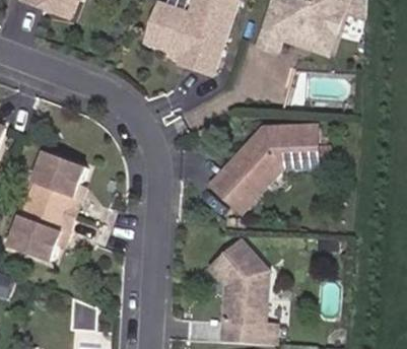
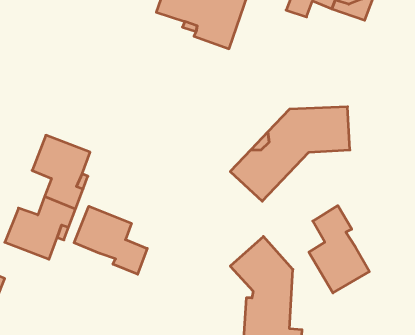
building: none -> [309,206,369,293]
building: none -> [74,206,147,274]

